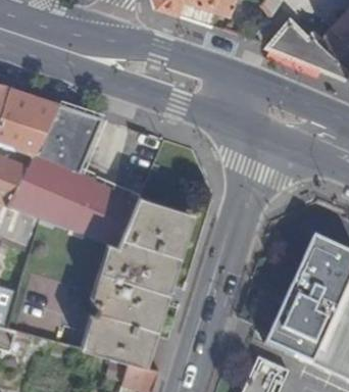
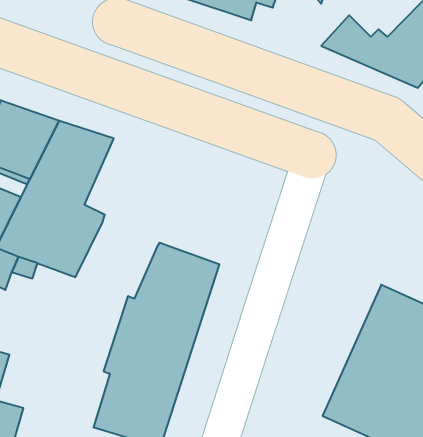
building: [69,187,135,248] -> none

